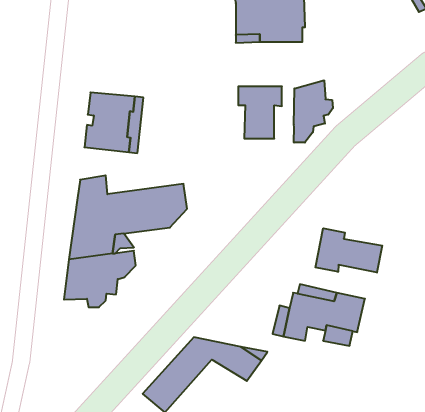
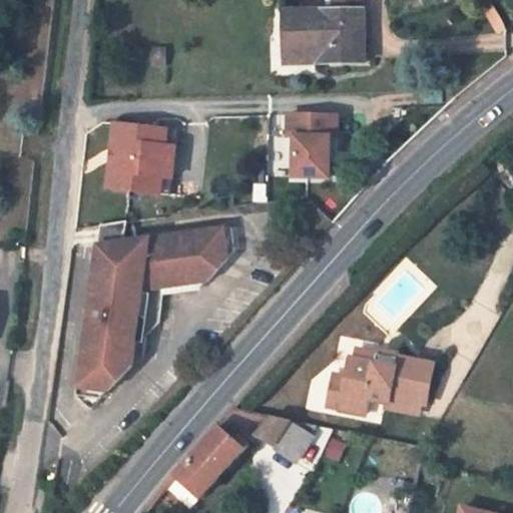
building: [294,80,333,143] -> none
building: [315,228,382,273] -> none
building: none -> [76,364,120,391]

